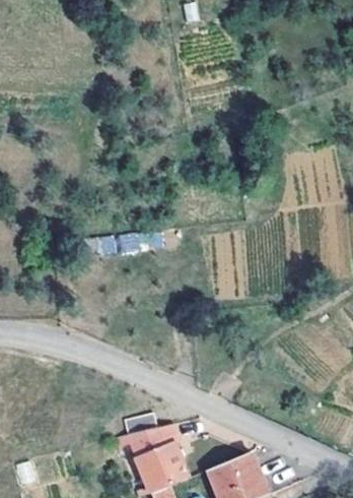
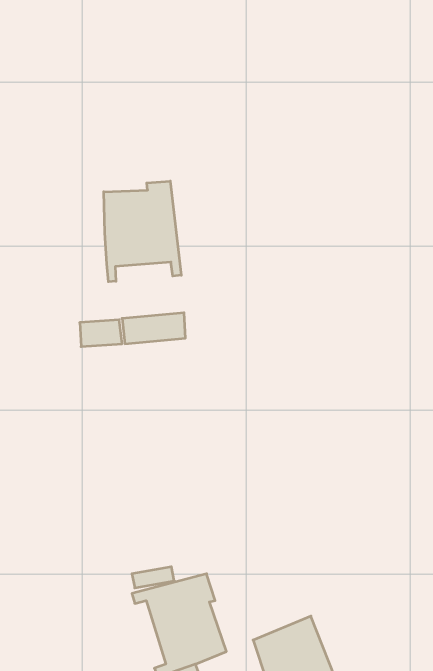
building: none -> [104,181,181,282]

